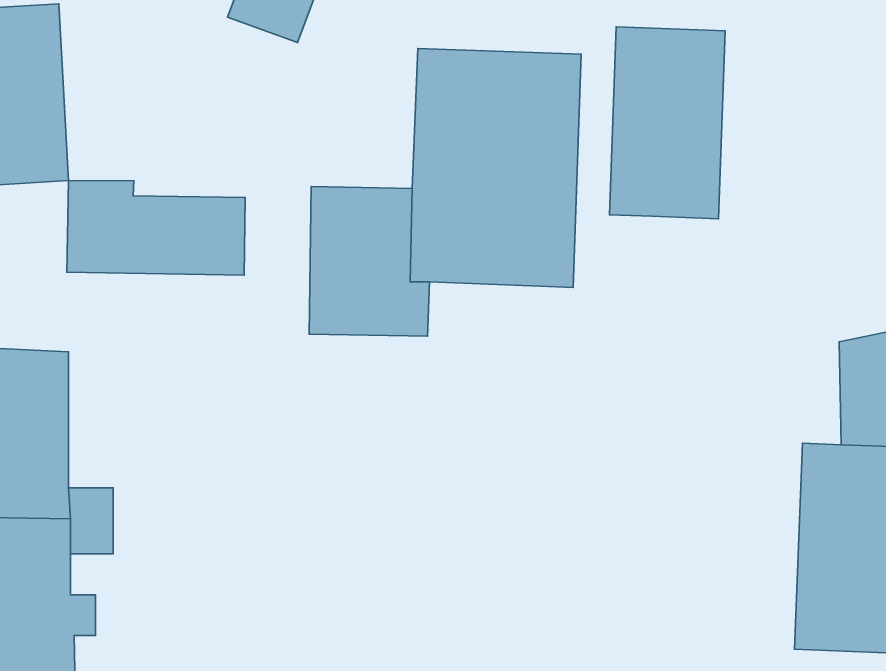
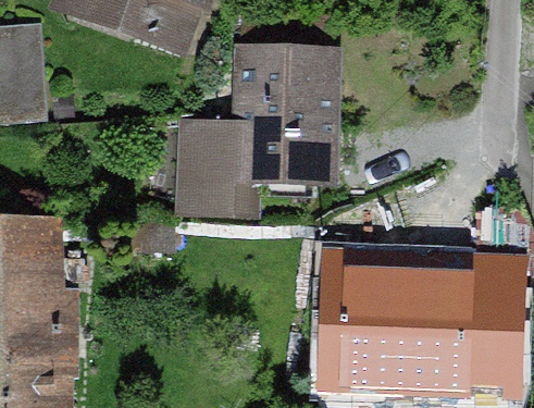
building: [609,27,725,219] -> none
building: [67,181,245,275] -> none
building: none -> [333,267,459,385]

